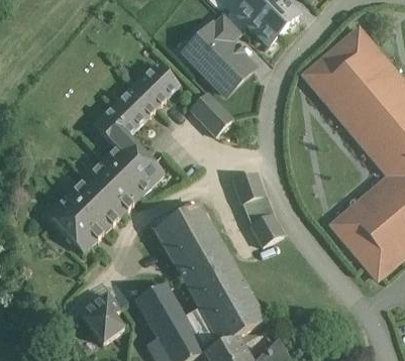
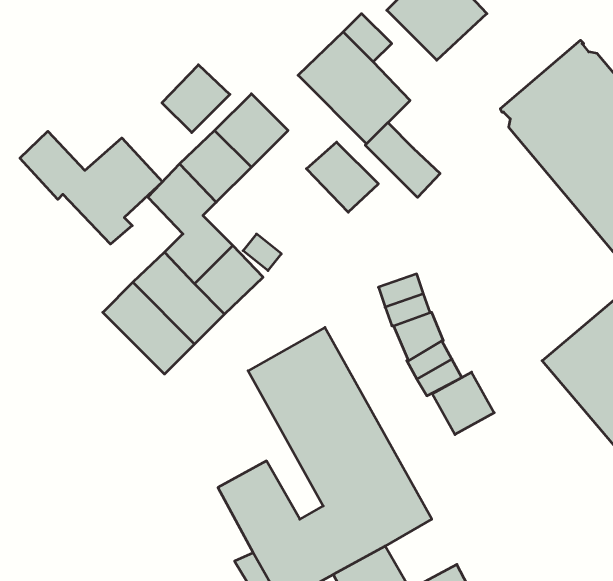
building: none -> [162,65,230,133]
building: none -> [365,123,440,197]
building: none -> [20,131,162,244]
building: [46,195,104,252] -> none
building: none -> [432,372,494,435]
building: [80,294,124,346] -> none

